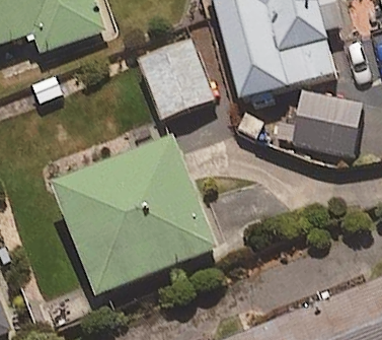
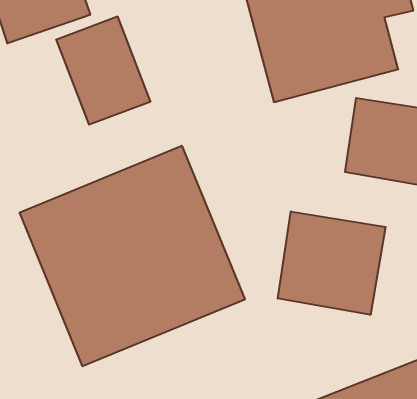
building: [140,40,210,120] -> [56,17,151,125]
building: none -> [278,211,386,315]

